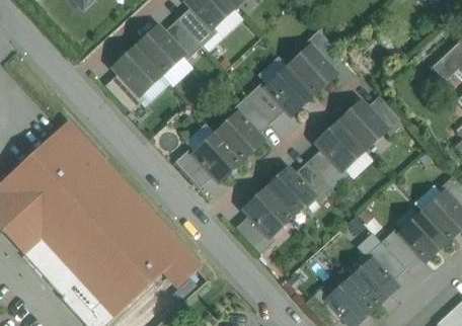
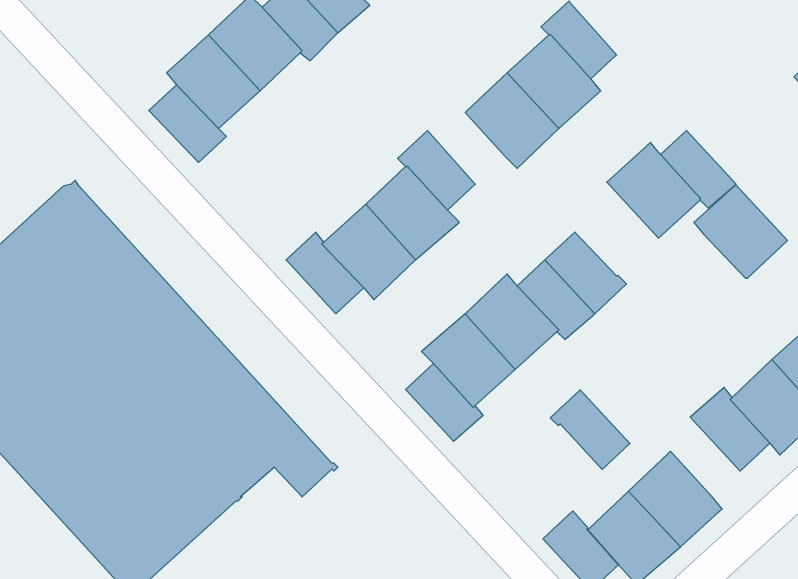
building: [247,79,287,121] -> none
building: [317,120,365,168] -> [694,185,787,278]
building: [366,240,406,280] -> [550,390,630,469]

